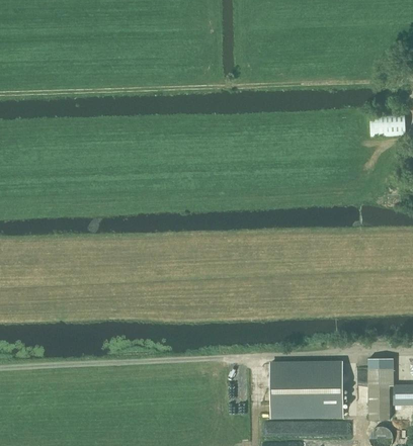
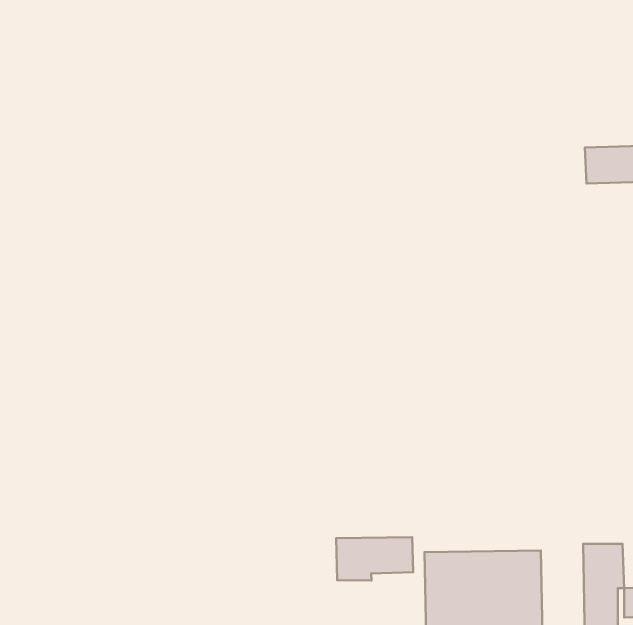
building: none -> [336,537,413,581]

